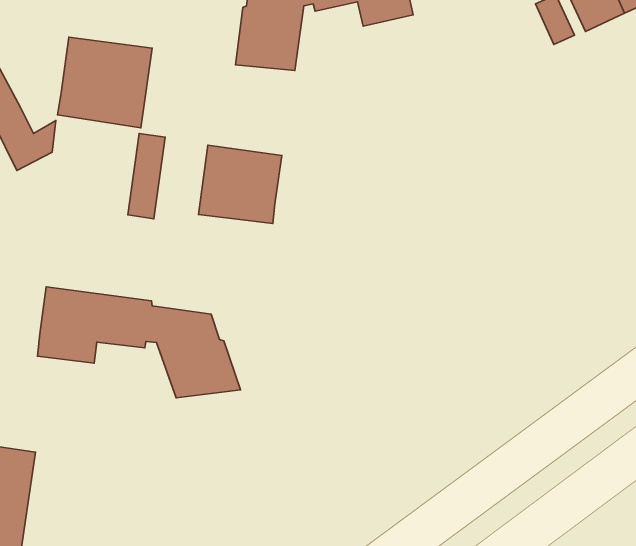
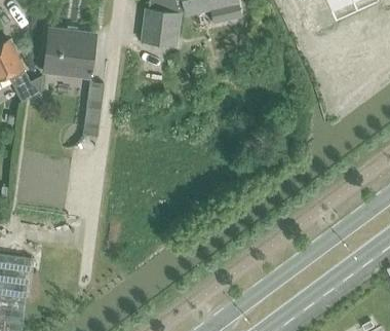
building: [198,145,282,223] -> none
building: [38,287,240,398] -> none

